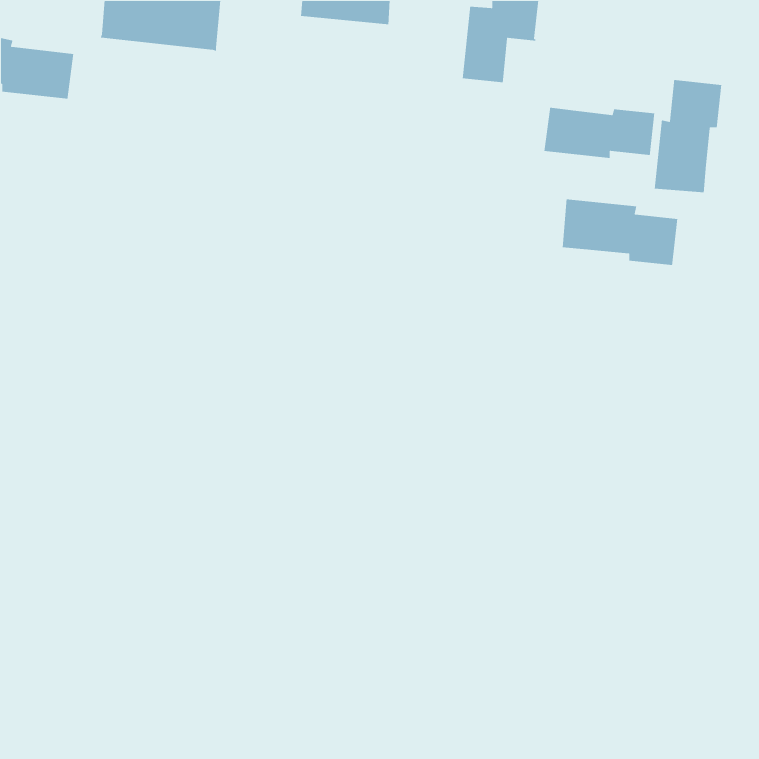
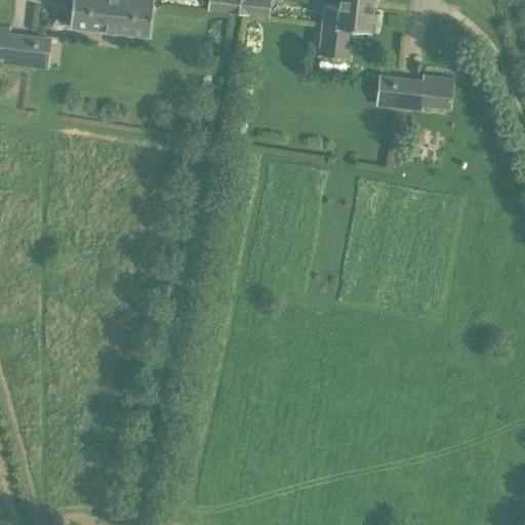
building: [654,79,722,193] -> none
building: [562,199,678,266] -> none

